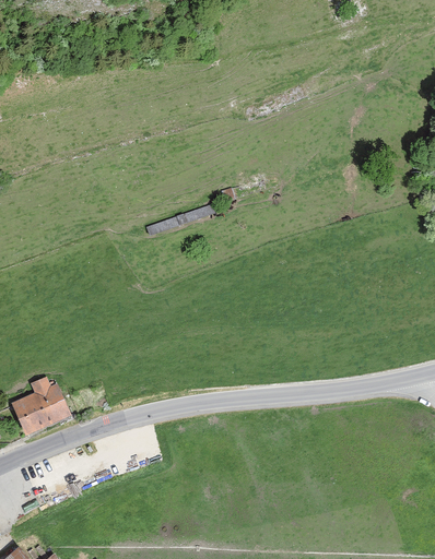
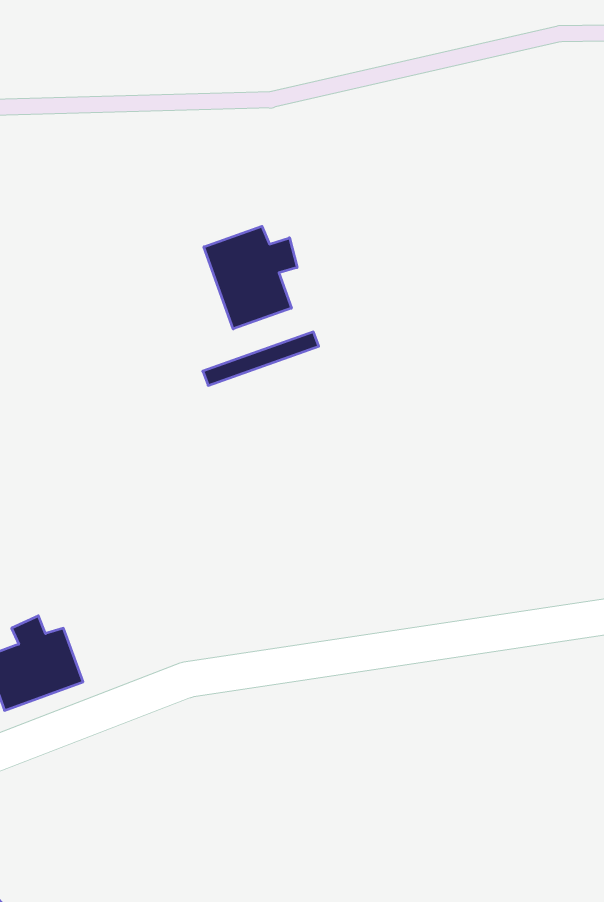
building: none -> [204,226,297,329]

